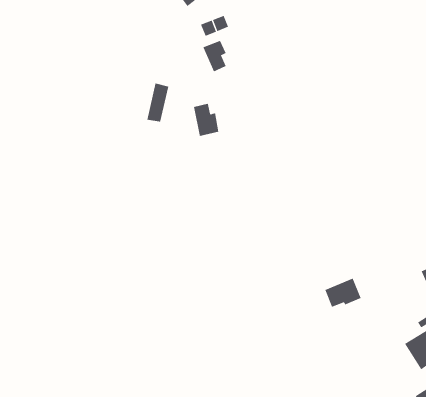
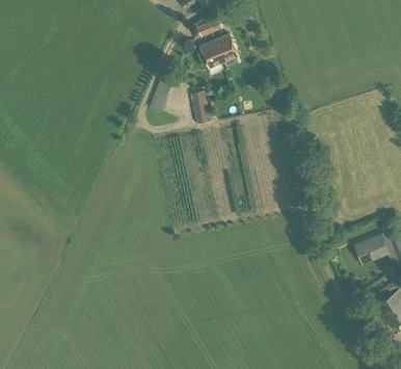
building: none -> [215,33,238,62]
building: [324,278,361,308] -> [355,235,387,261]

